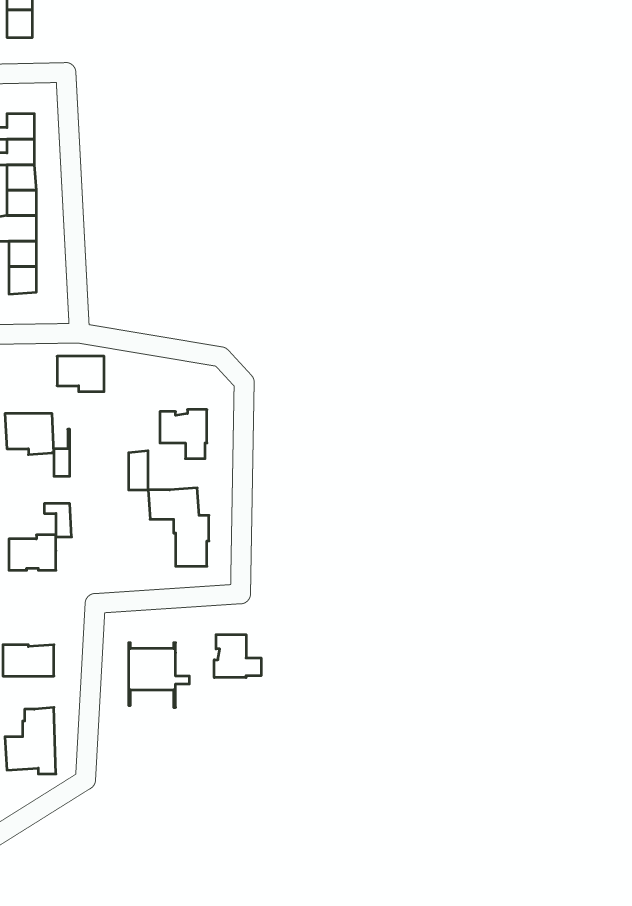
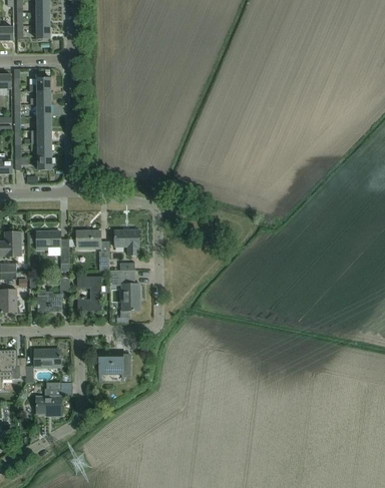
building: [57,356,104,392] -> [76,229,100,248]
building: none -> [75,276,101,310]
building: [214,635,261,678] -> none

